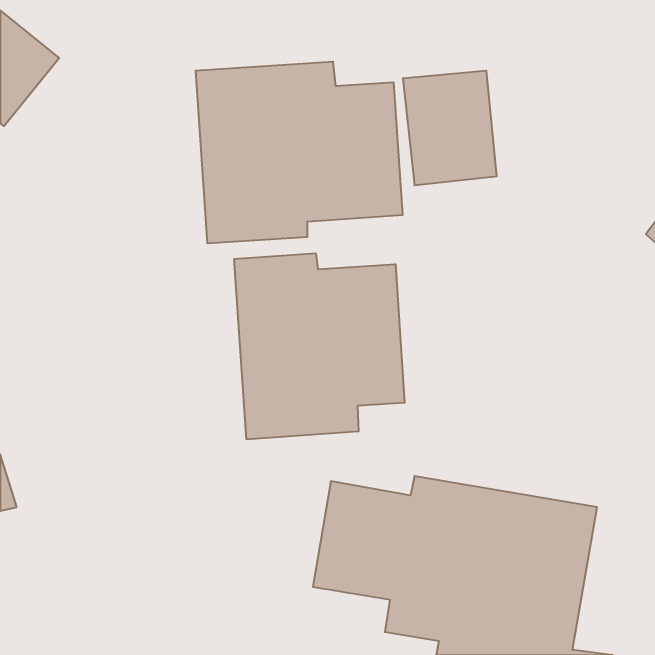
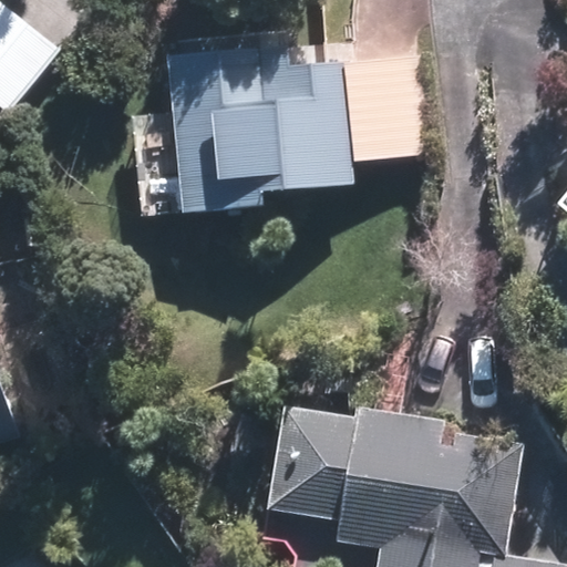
building: [234,253,405,439] -> none

